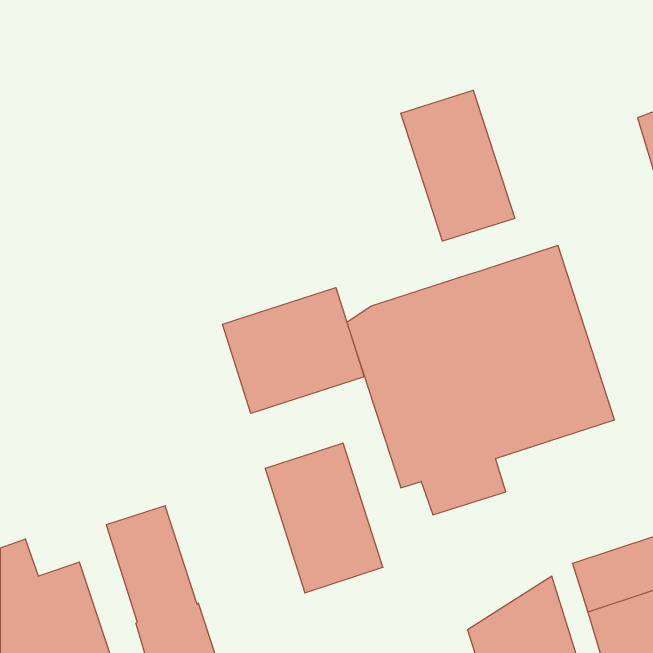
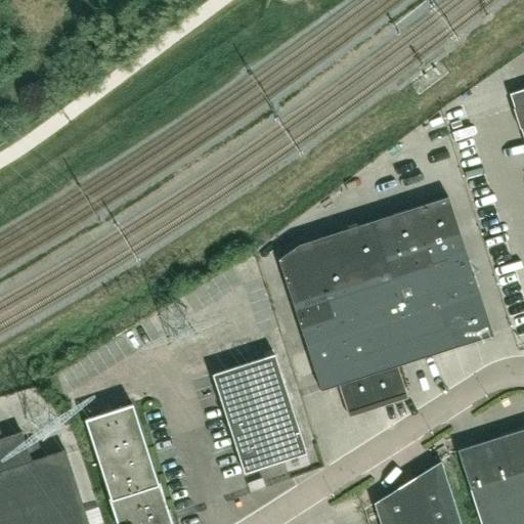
building: [401,90,515,241] -> none
building: [223,288,364,413] -> none

